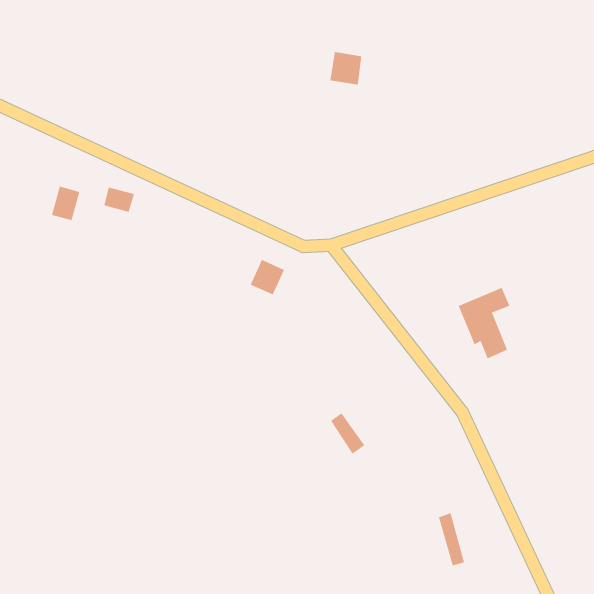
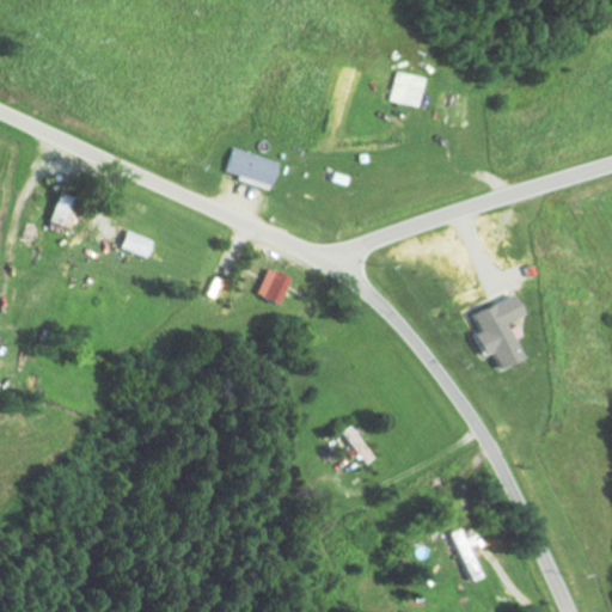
building: [329,51,362,85] -> [388,72,422,106]
building: none -> [226,147,280,185]
building: [103,187,135,213] -> [122,232,154,258]

